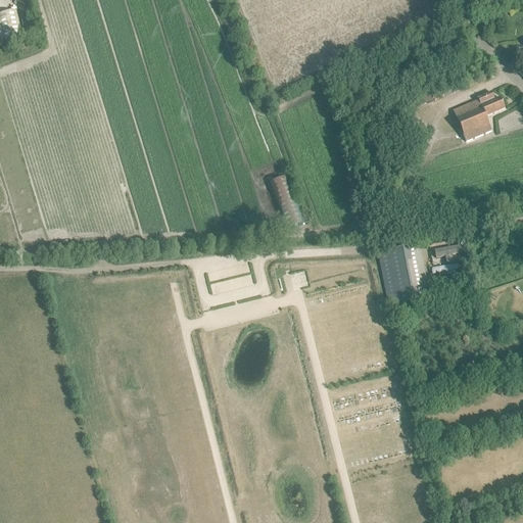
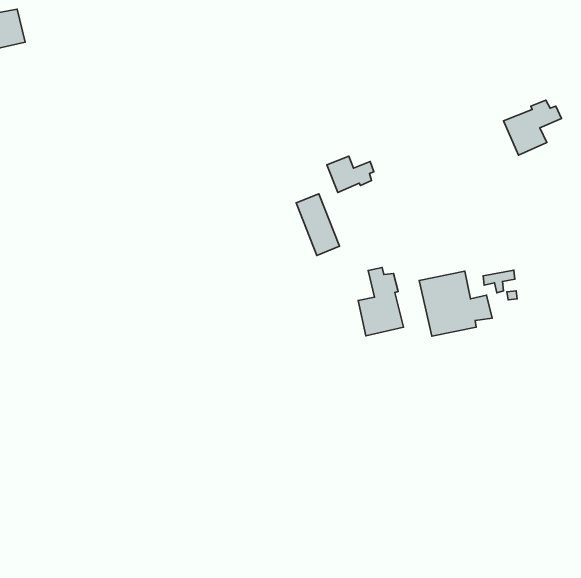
building: none -> [327,156,374,192]
building: none -> [358,268,404,336]

